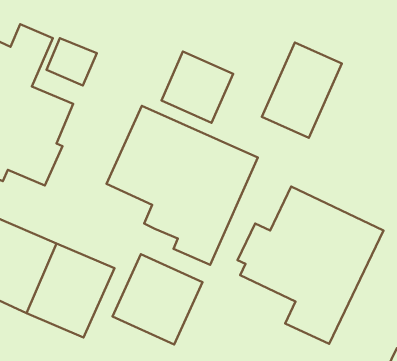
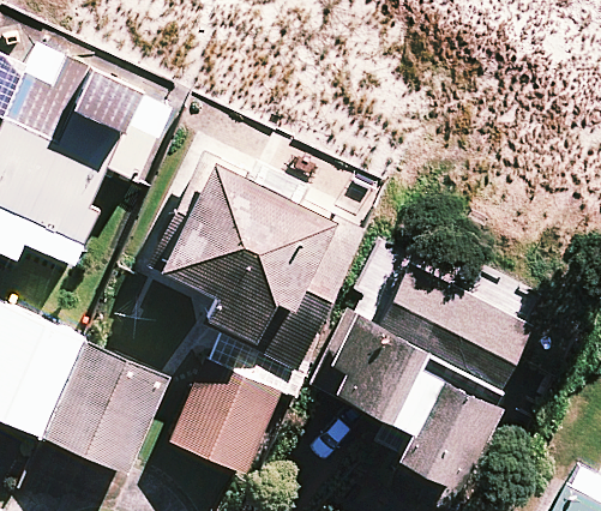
building: [262,42,342,138] -> none
building: [161,52,233,123] -> none

